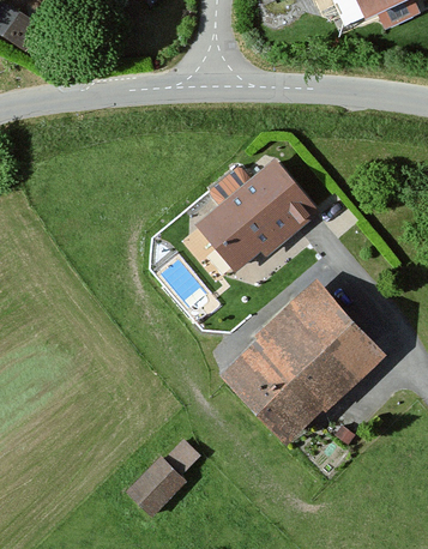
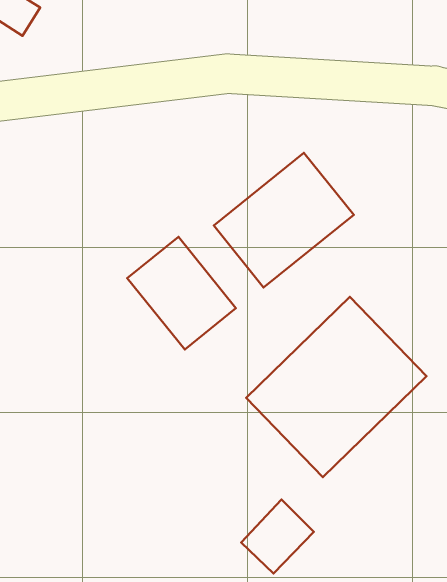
building: none -> [127,237,236,350]
building: [122,453,187,519] -> [241,499,314,573]

